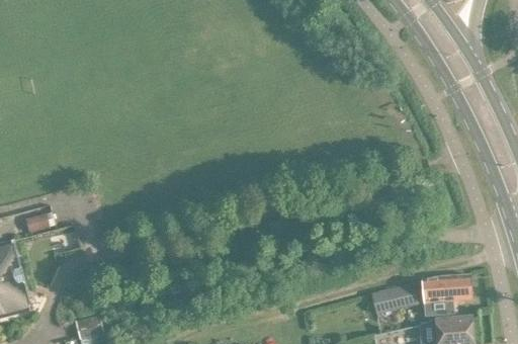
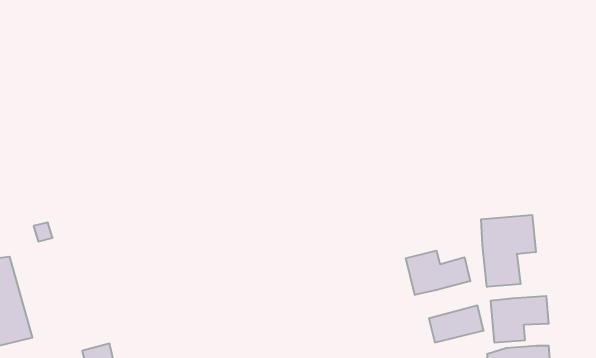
building: none -> [481,215,536,287]
building: none -> [406,251,470,295]

